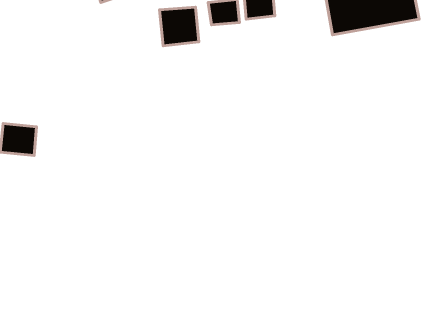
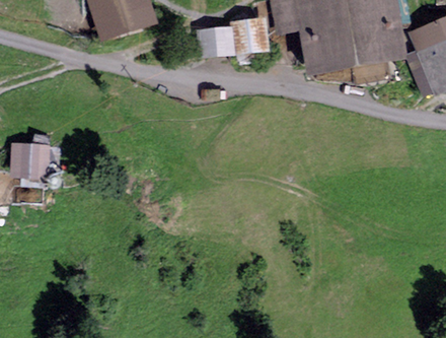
building: [160,7,199,46] -> none

